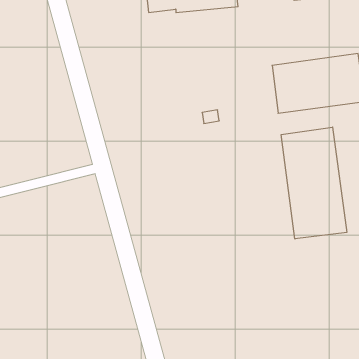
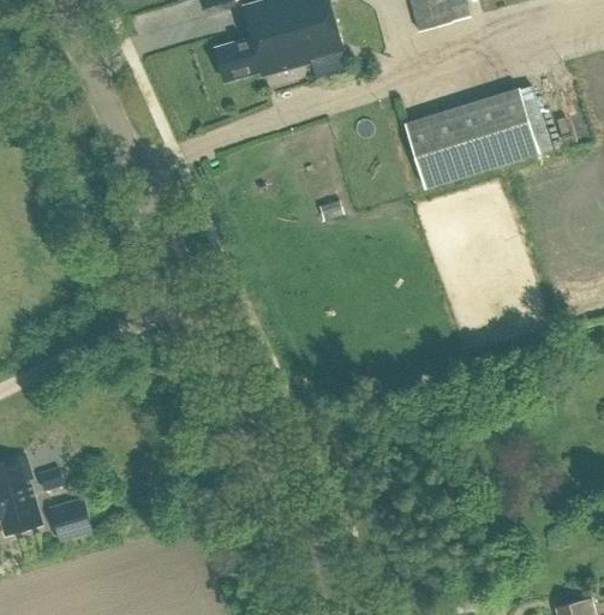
building: [281,127,347,239] -> none

